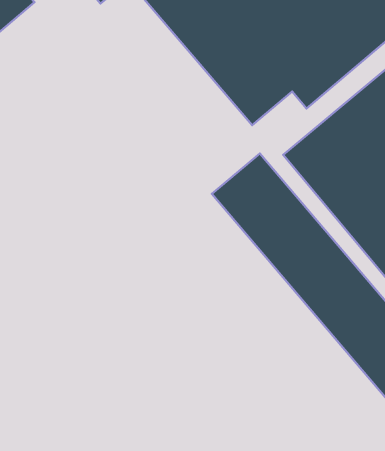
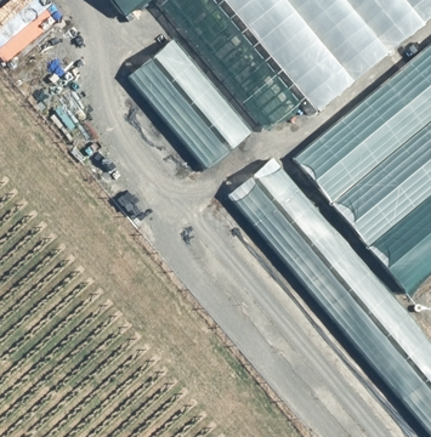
building: none -> [130,40,251,168]

